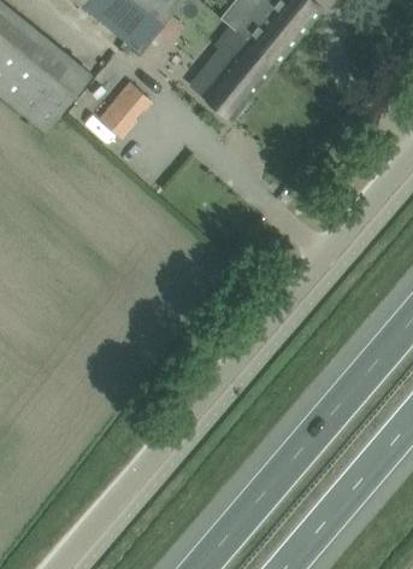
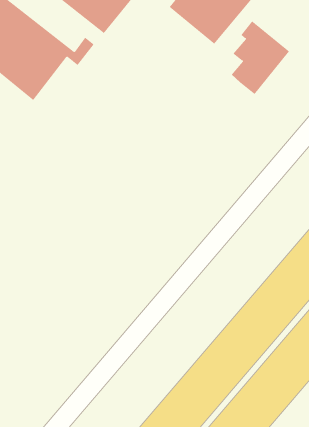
building: [199,27,272,119] -> [231,20,290,95]
building: [95,82,149,139] -> none

